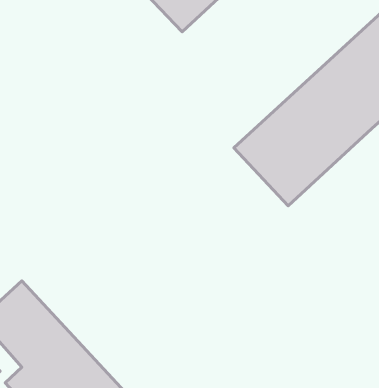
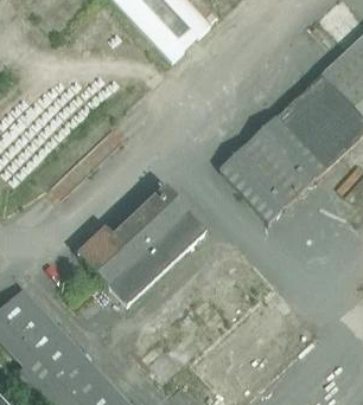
building: none -> [78,188,204,302]

